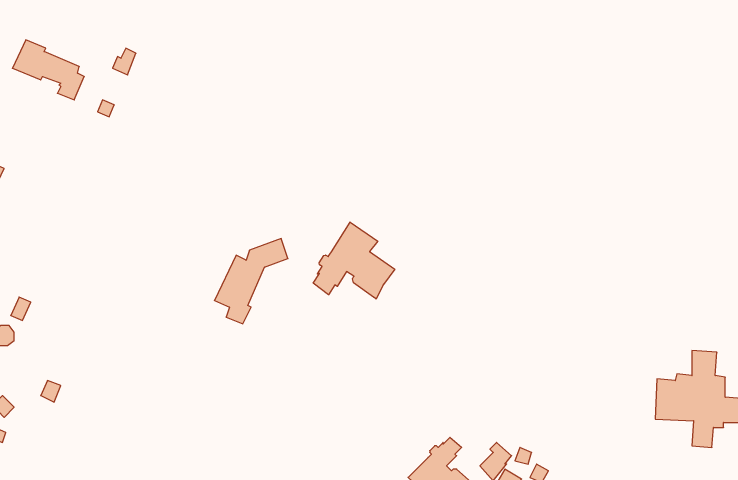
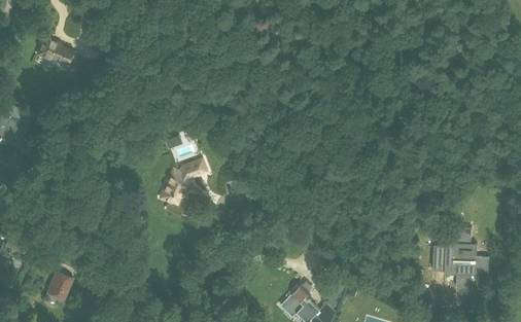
building: [313,222,395,299] -> none
building: none -> [43,271,70,302]

